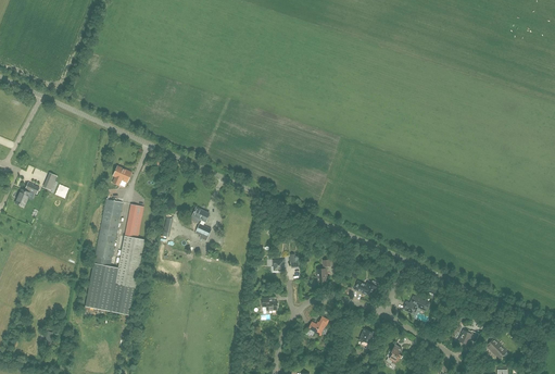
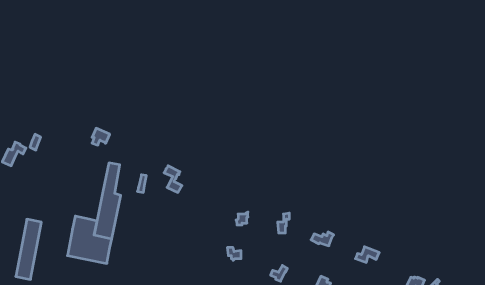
building: [94,198,123,264] -> [16,219,41,279]

